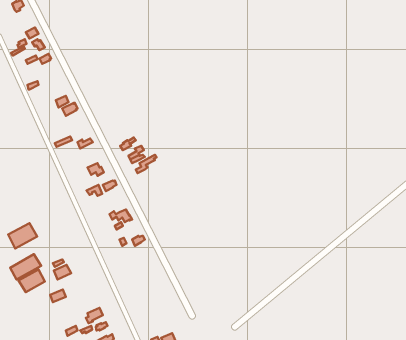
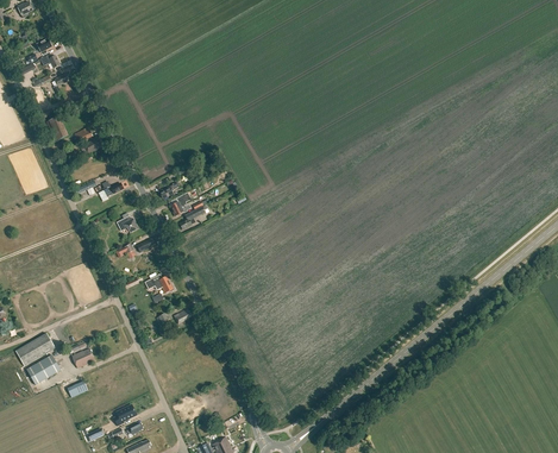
building: [8,223,37,249] -> none

